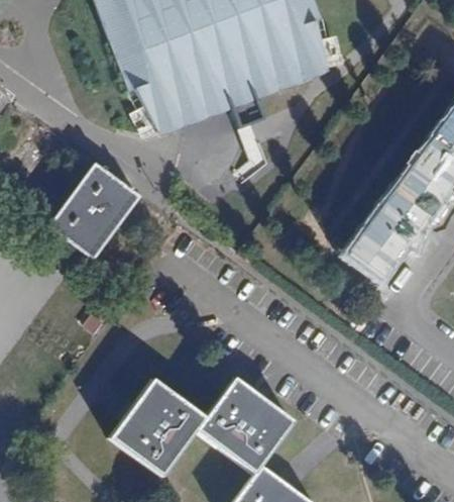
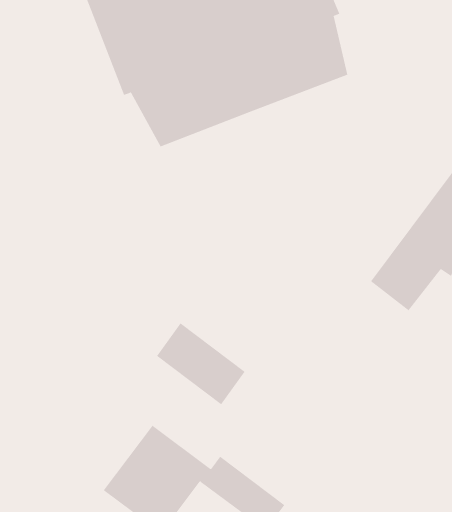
building: [47,164,139,259] -> none
building: [214,378,293,450] -> [156,323,245,405]

